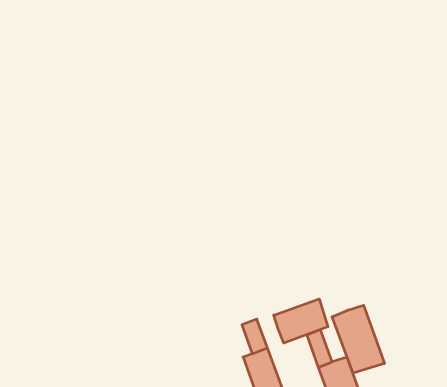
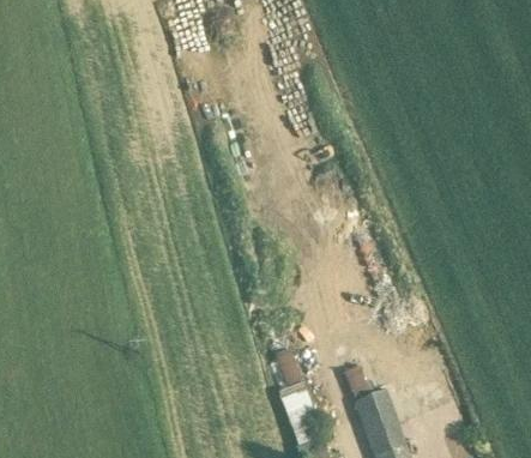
building: [274,299,328,343] -> none
building: [332,305,384,373] -> none

